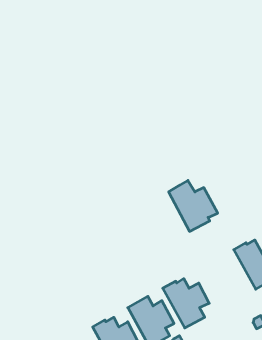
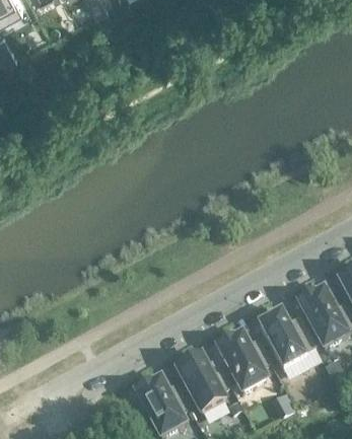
building: [169,180,218,231] -> [258,309,314,368]

